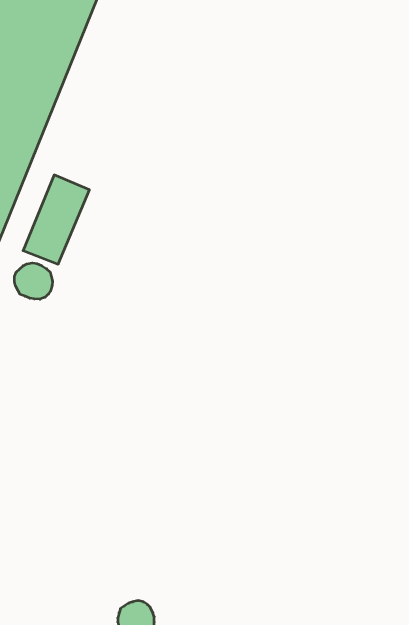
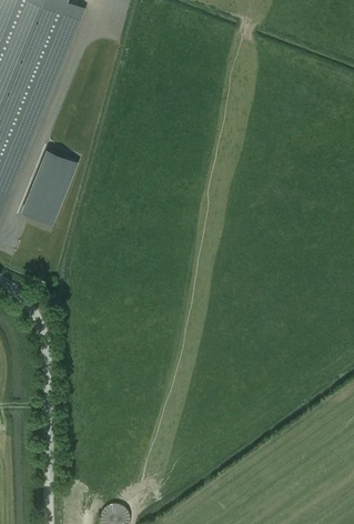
building: [14,263,52,299] -> none

